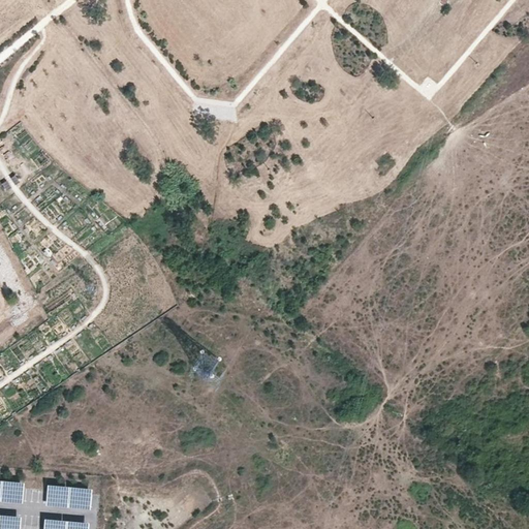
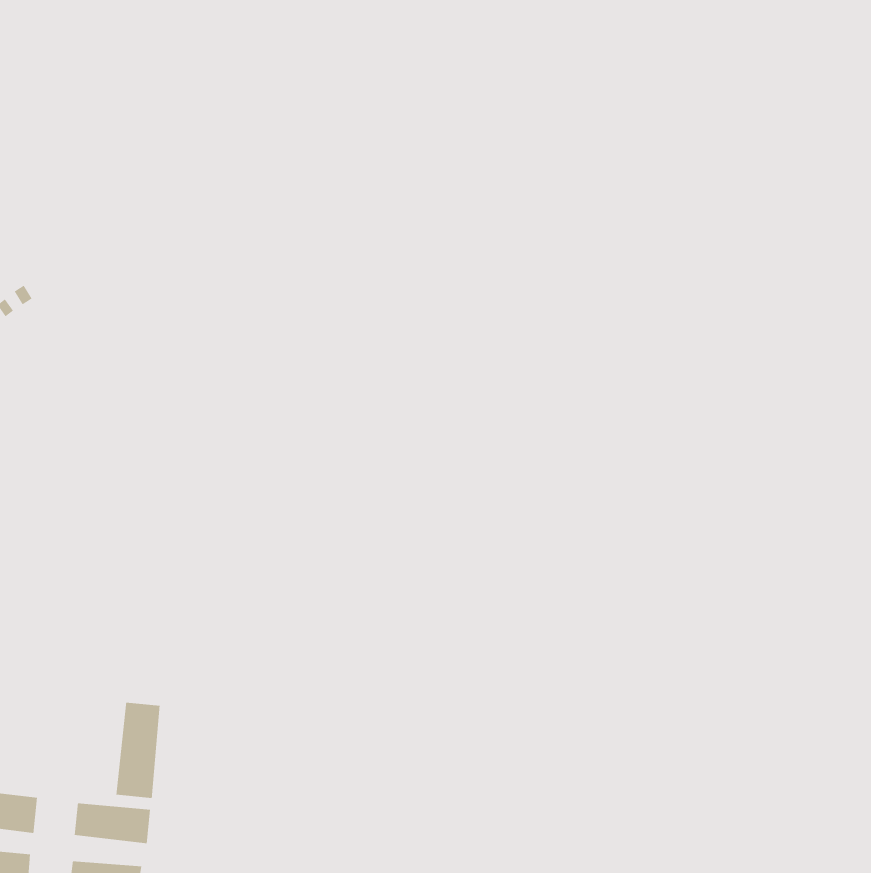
building: none -> [116,702,160,799]

